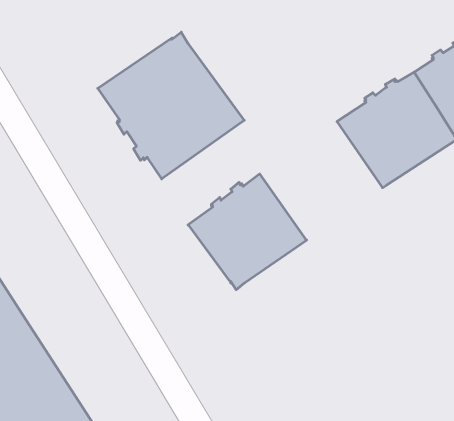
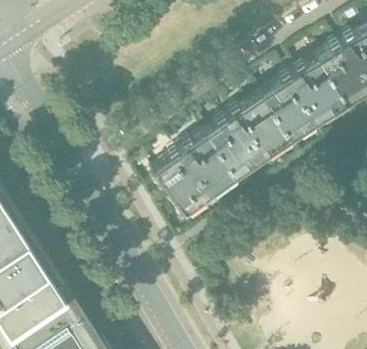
building: [98,32,244,179] -> none
building: none -> [203,95,292,182]

